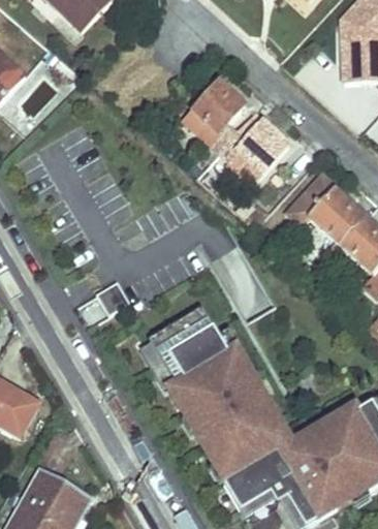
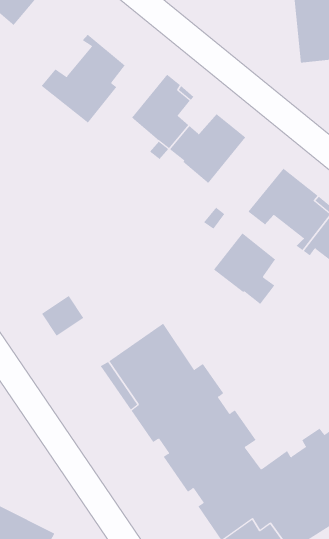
building: none -> [41,34,126,123]
building: none -> [213,233,276,305]

